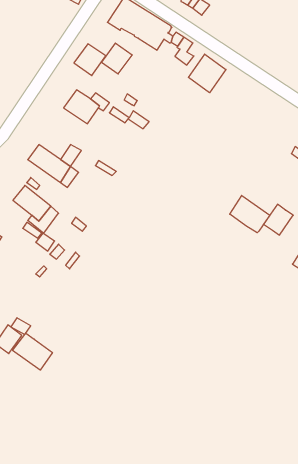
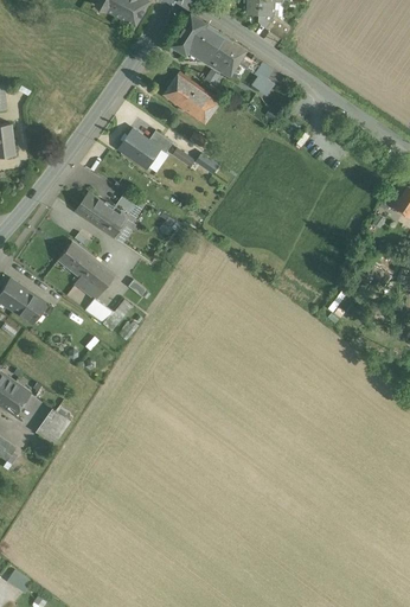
building: [74,44,106,76] -> [182,85,220,123]
building: [188,54,226,93] -> none
building: [230,195,270,233] -> none
building: [13,333,52,370] -> none

